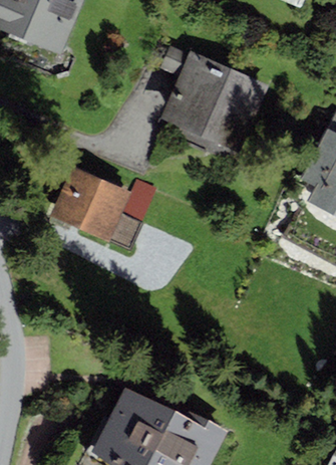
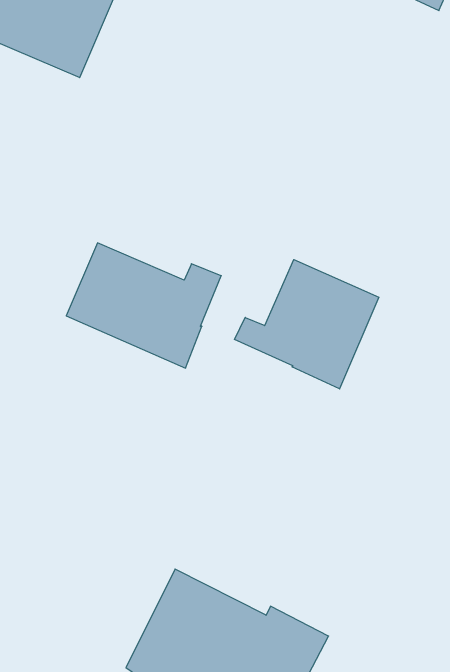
building: [159,46,268,151] -> none
building: none -> [235,260,379,389]

